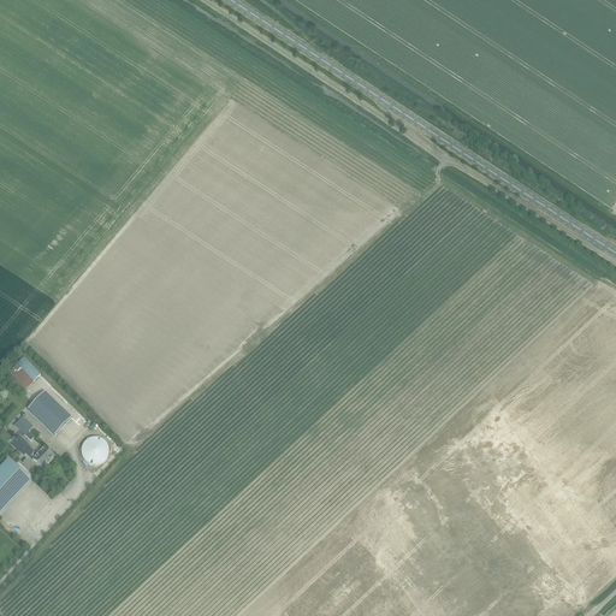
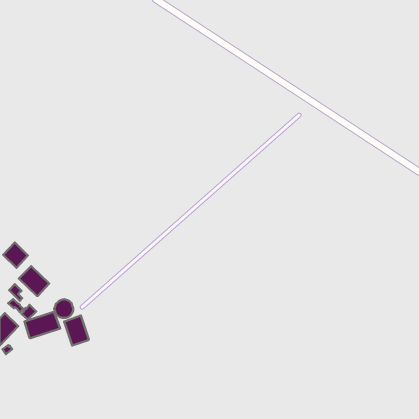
building: none -> [24,312,60,338]
building: none -> [64,316,89,345]

